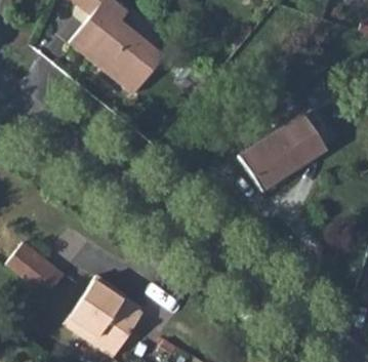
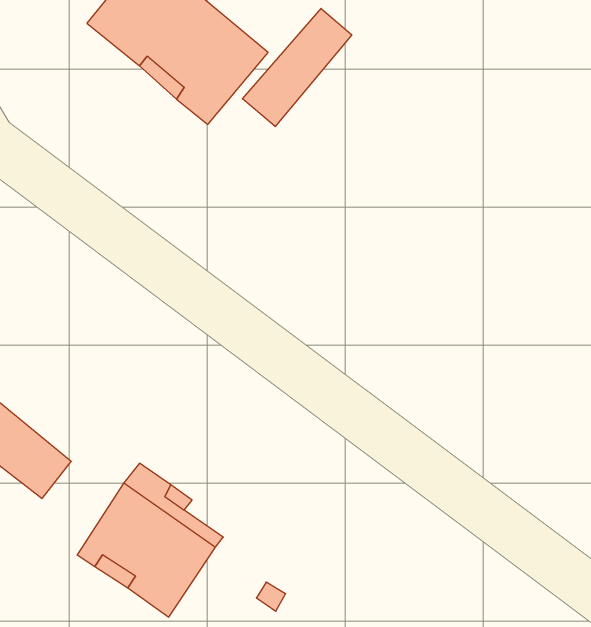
building: none -> [242,8,352,127]
building: [238,114,325,189] -> none

